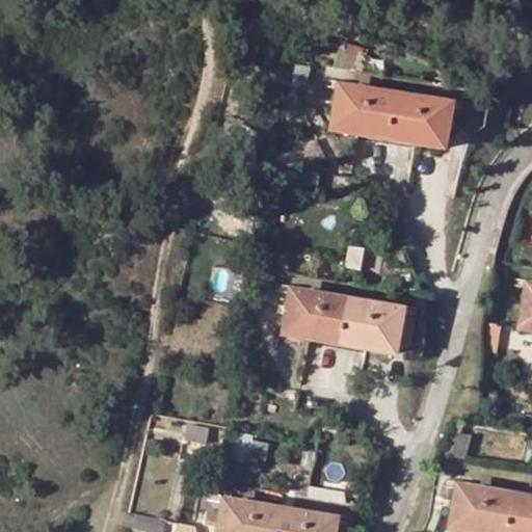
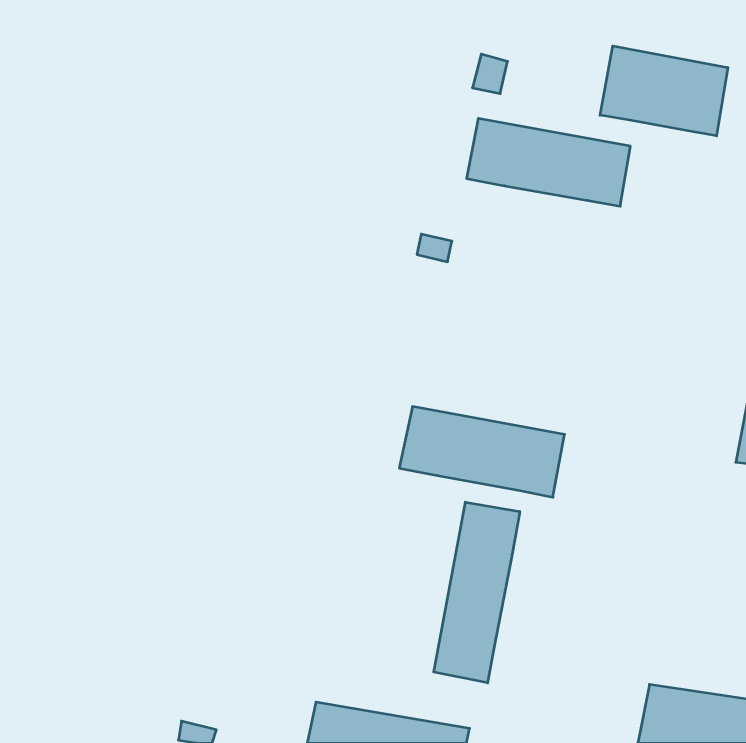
building: none -> [600,46,728,136]
building: none -> [434,502,520,683]

